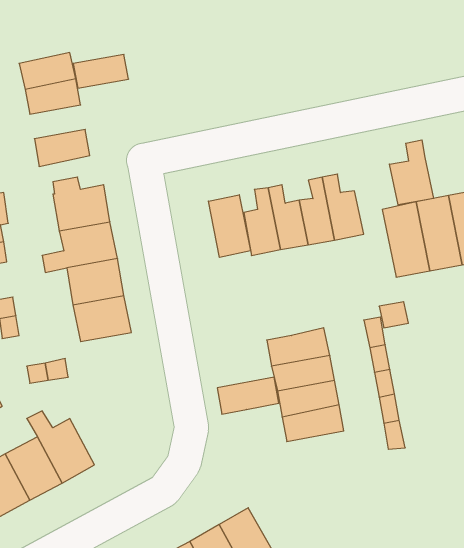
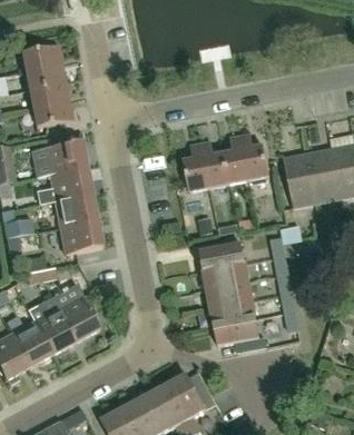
building: [73,54,129,88] -> [28,81,68,106]
building: [389,140,434,205] -> none
building: [208,195,251,257] -> none
building: [217,377,279,414] -> [214,317,258,344]
building: none -> [57,295,99,342]

